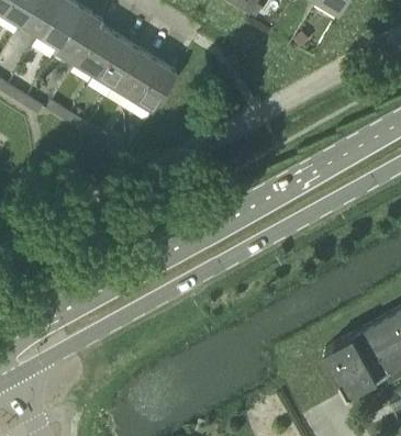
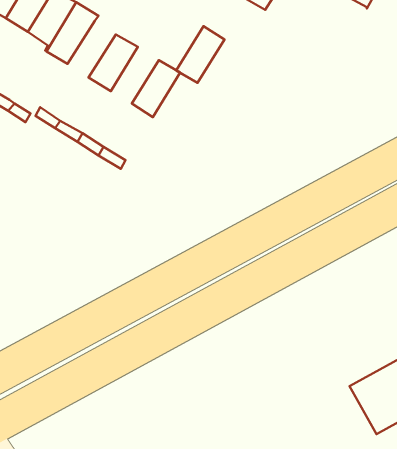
building: [75,27,118,78] -> none
building: [113,51,156,101] -> [176,26,225,83]

